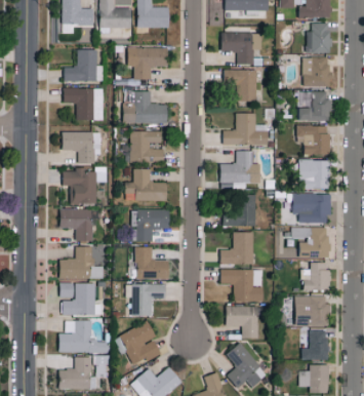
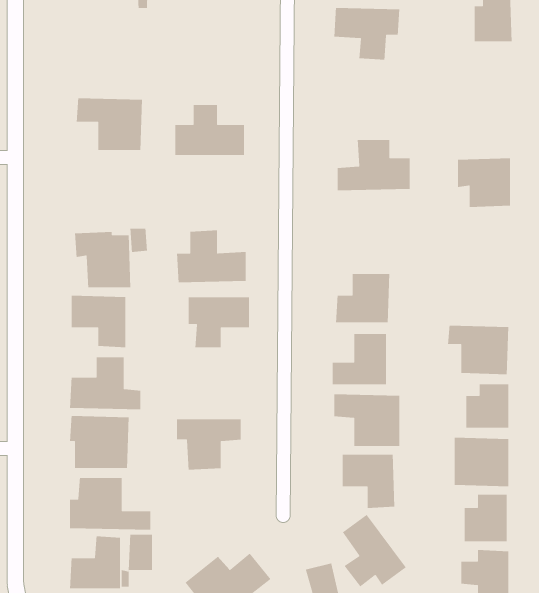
building: [127,47,167,79] -> none
building: [63,49,103,81] -> none
building: [302,56,330,86] -> none
building: [223,69,258,101] -> none
building: [297,91,330,121] -> none
building: [129,130,164,161] -> none
building: [62,131,94,163] -> none
building: [219,151,259,189] -> none
building: [298,159,329,189] -> none
building: [292,193,329,223] -> none
building: [134,247,169,279] -> none
building: [119,322,160,365] -> none

